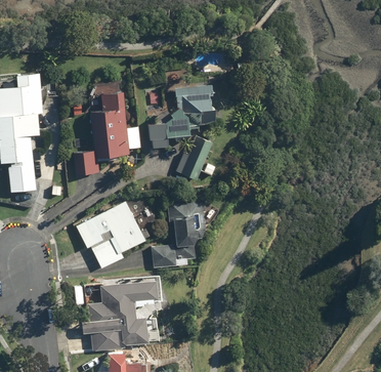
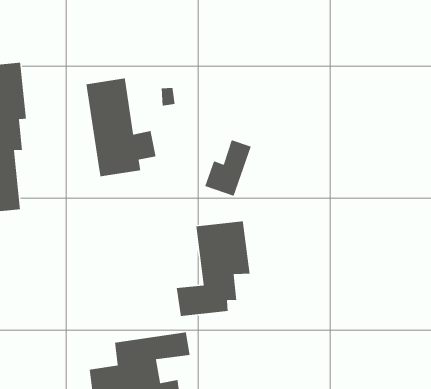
building: [149,84,215,149] -> none
building: [72,151,97,176] -> none
building: [77,201,144,272] -> none

